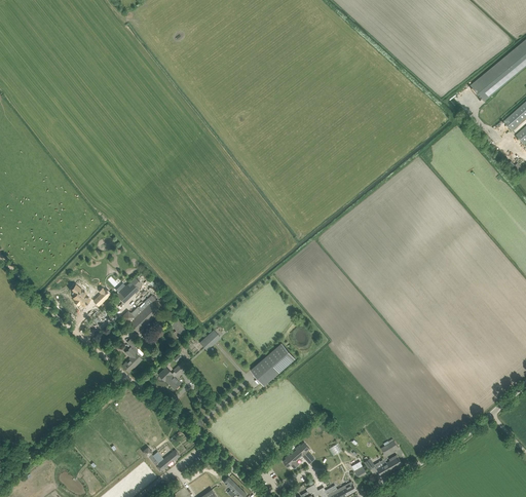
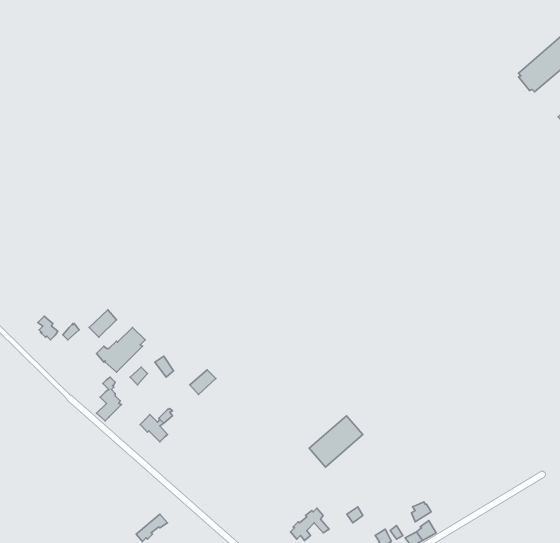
building: [251,343,295,385] -> [309,416,363,467]

